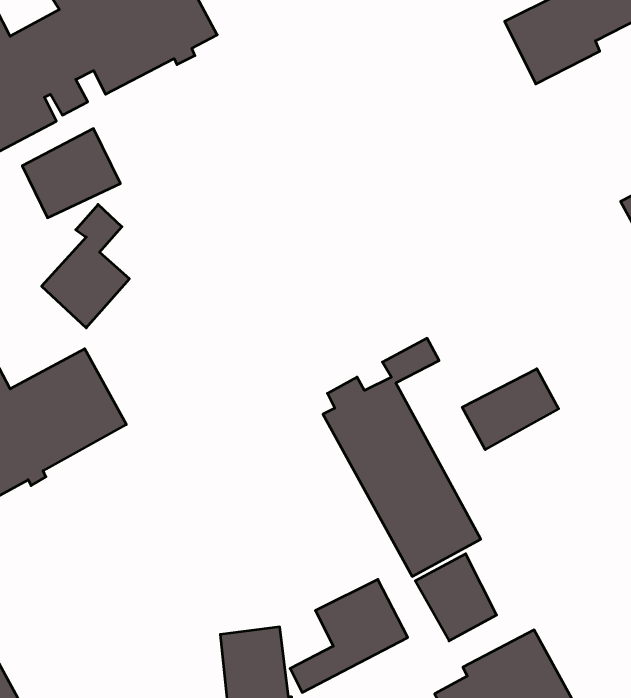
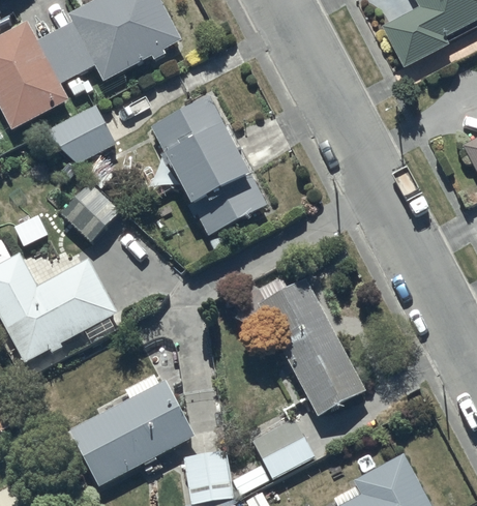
building: none -> [149,95,266,251]
building: [462,369,559,450] -> none
building: none -> [68,374,193,485]
building: [415,554,497,641] -> none

